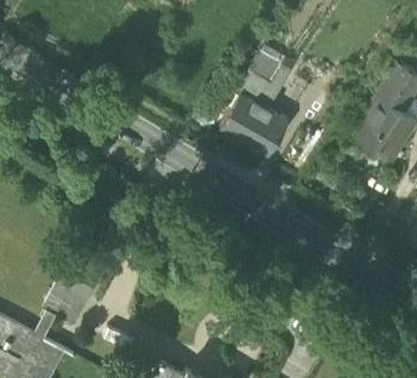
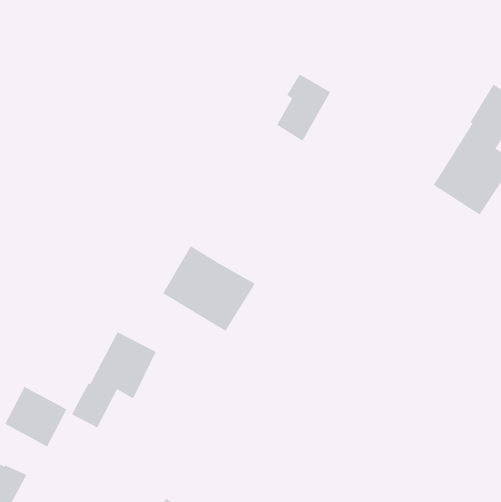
building: [222,93,290,156] -> [162,245,256,332]
building: none -> [71,331,157,428]

